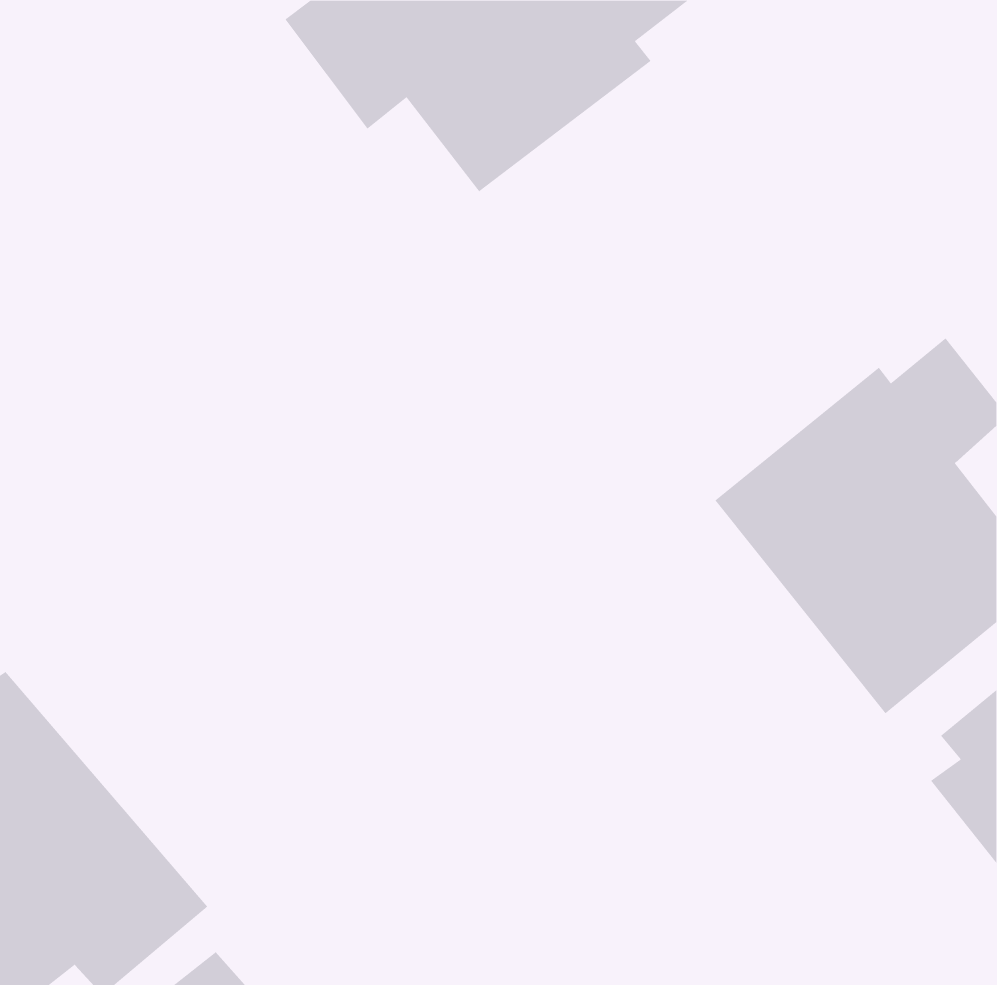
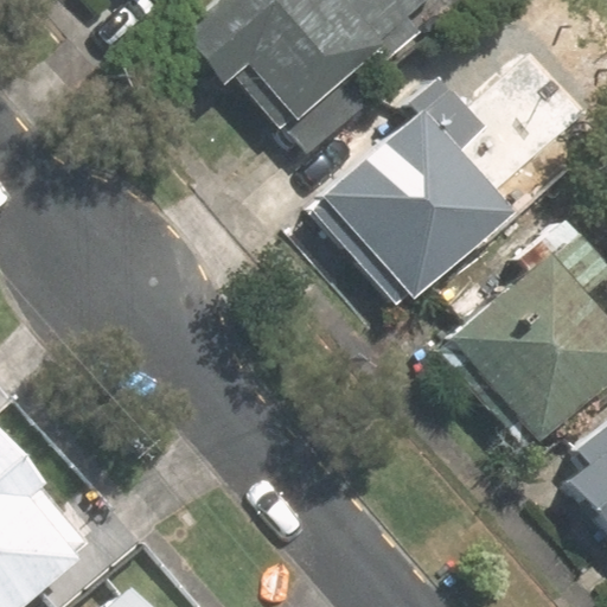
building: none -> [318,75,523,319]

